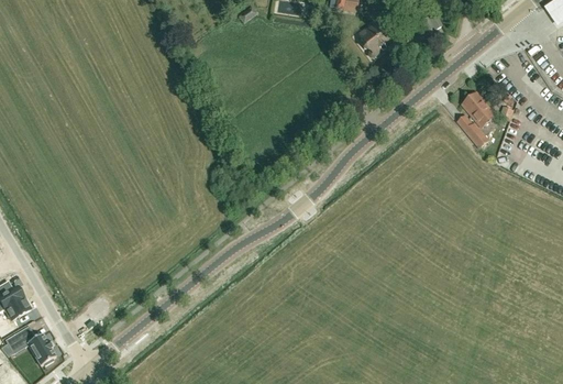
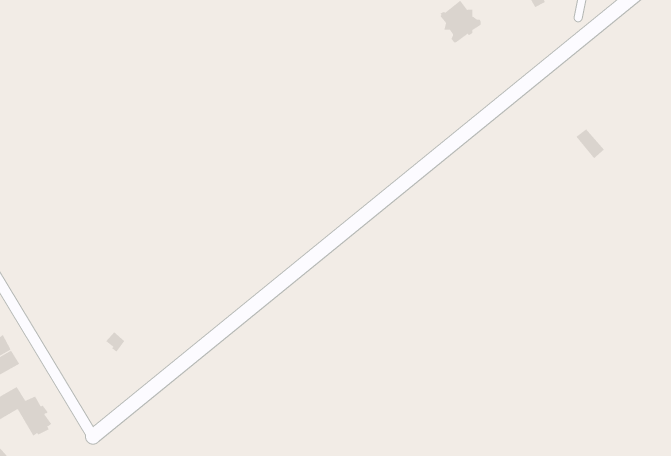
building: [462,91,495,127] -> none

